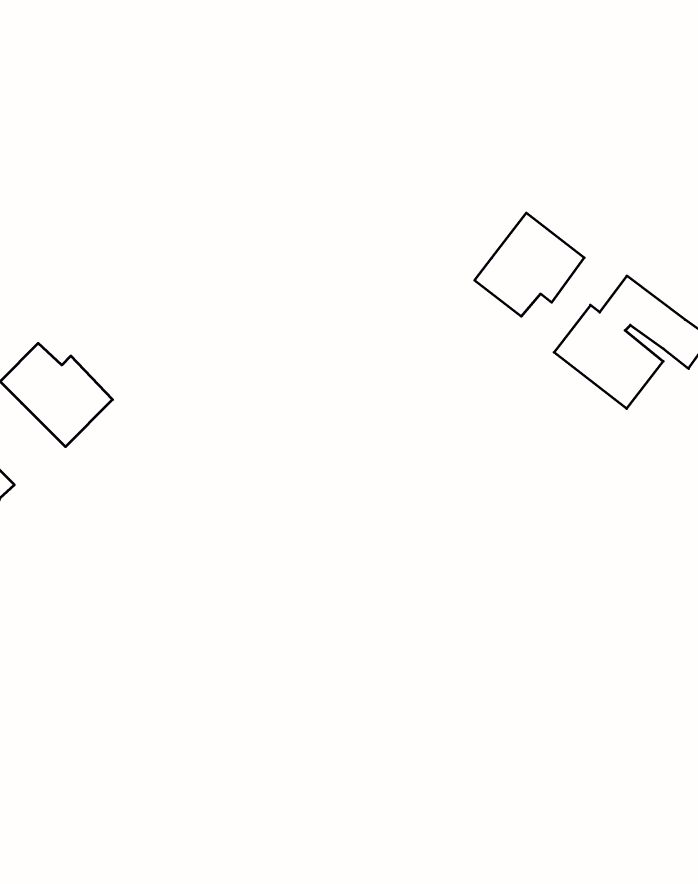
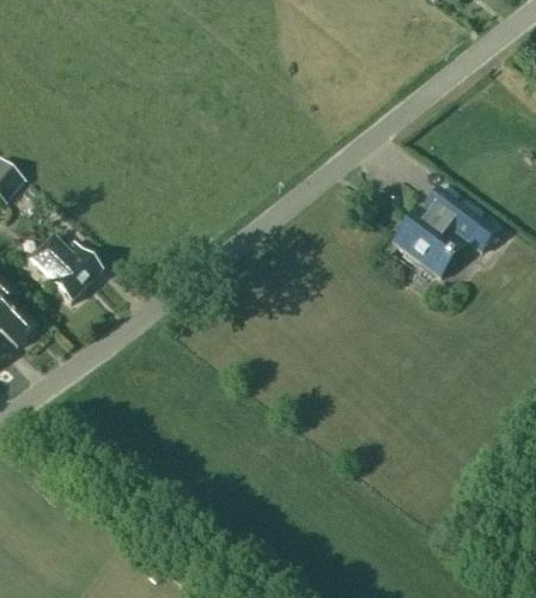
building: [475,213,584,316] -> none

